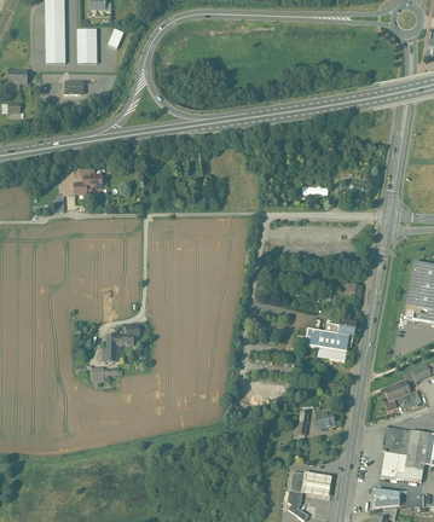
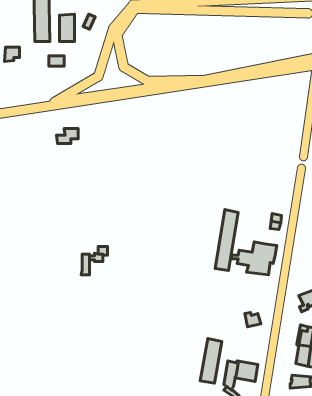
building: none -> [215,210,238,271]
building: none -> [200,338,222,383]

